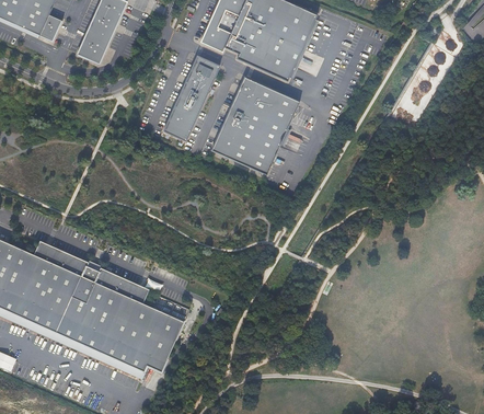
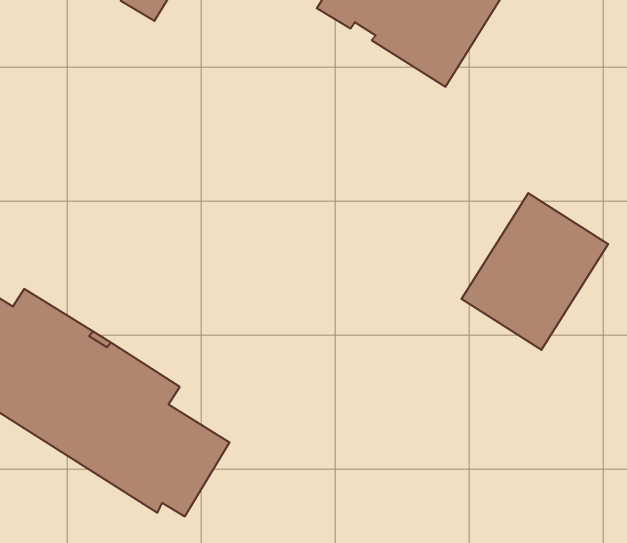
building: [161,53,223,143] -> none
building: [212,77,300,174] -> [461,193,608,350]

